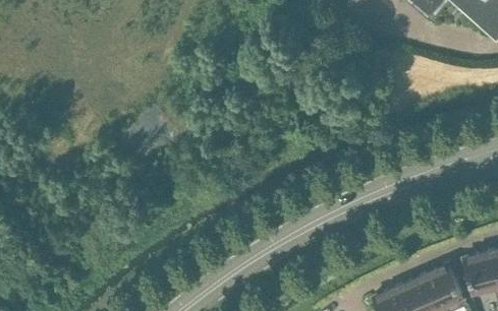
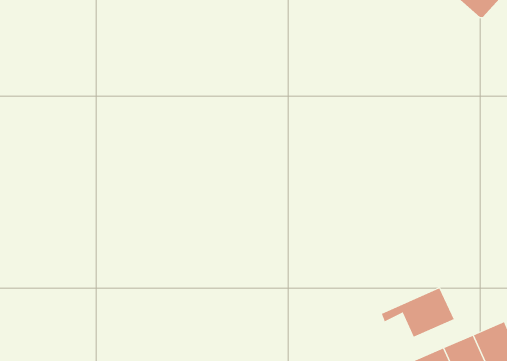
building: none -> [381,288,455,338]

